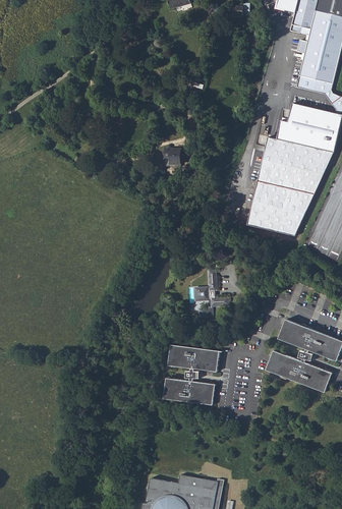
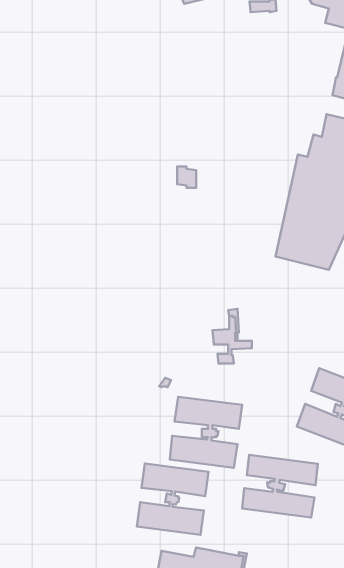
building: none -> [242,455,318,518]
building: none -> [137,464,208,535]

